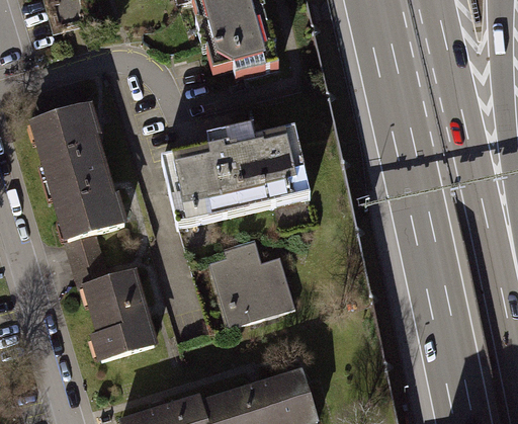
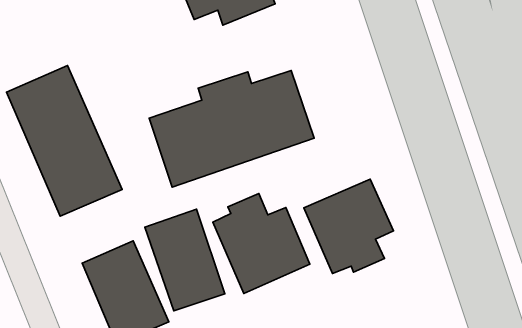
building: none -> [304,179,394,274]
building: none -> [145,209,225,311]

